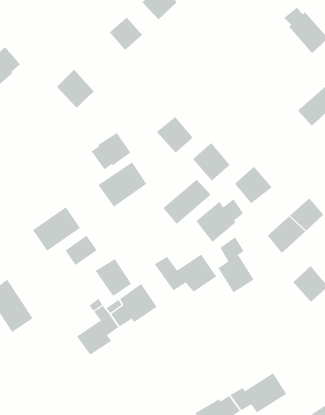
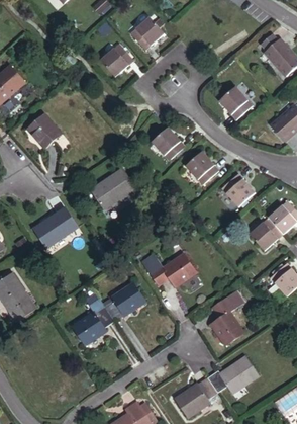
building: none -> [215,83,250,117]
building: [56,69,94,108] -> [28,116,63,152]
building: [91,132,131,170] -> none
building: [162,179,212,225] -> none
building: [196,198,244,243] -> none
building: [65,235,98,266] -> none
building: [217,237,255,293] -> [214,295,247,346]
building: [95,258,132,297] -> none

